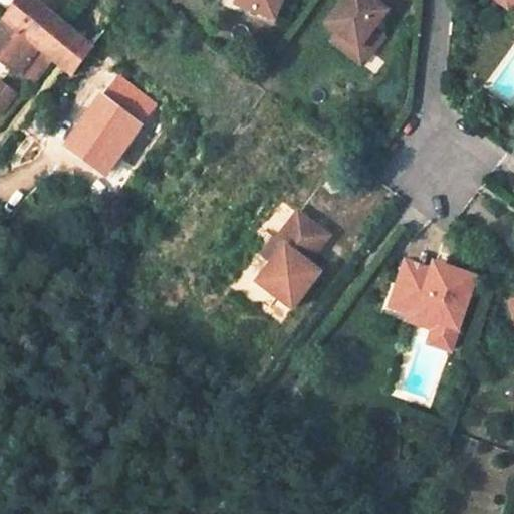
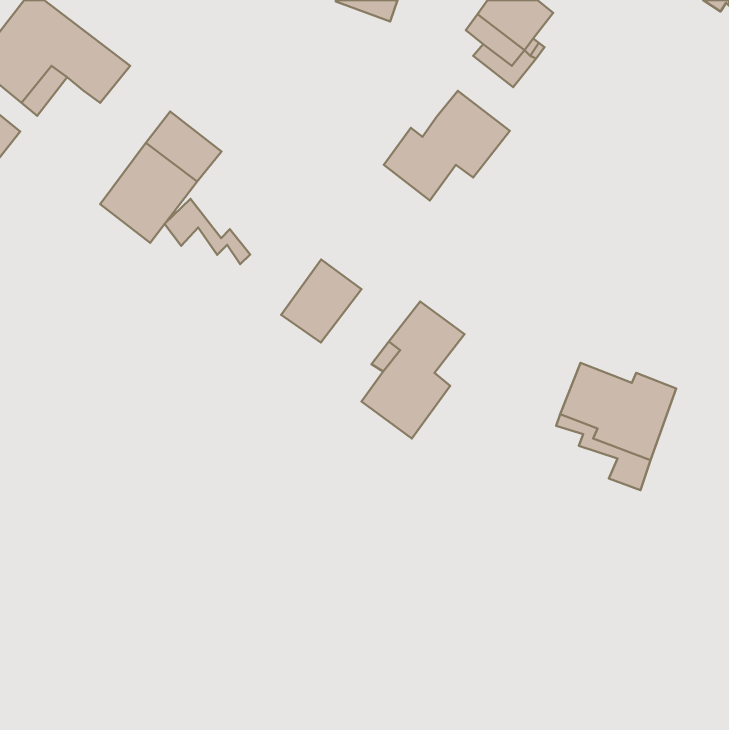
building: none -> [384,91,510,201]
building: none -> [165,199,250,264]
building: none -> [281,260,362,343]

